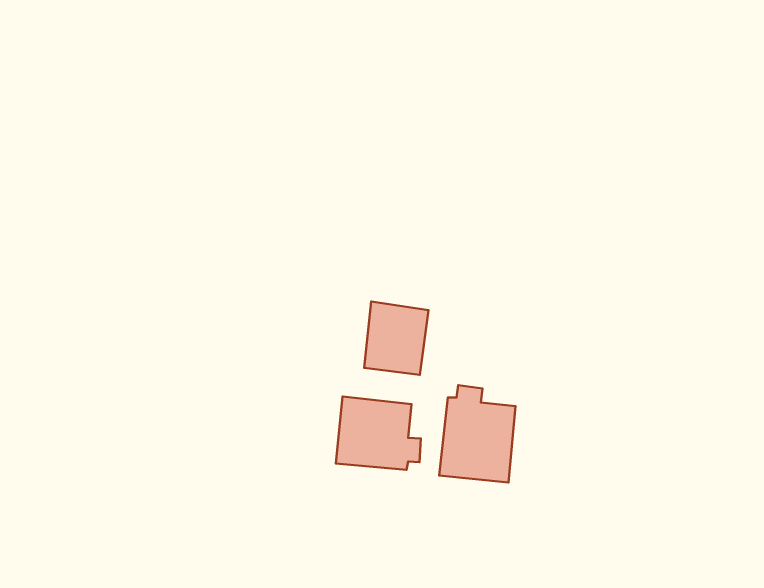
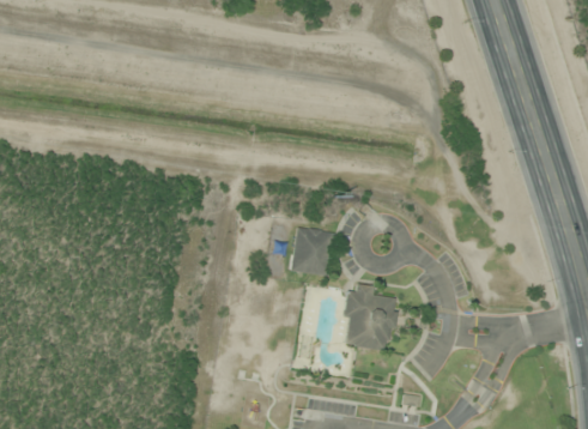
building: [336,397,421,470] -> none

